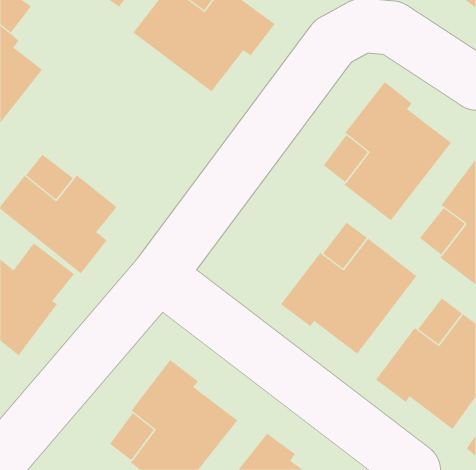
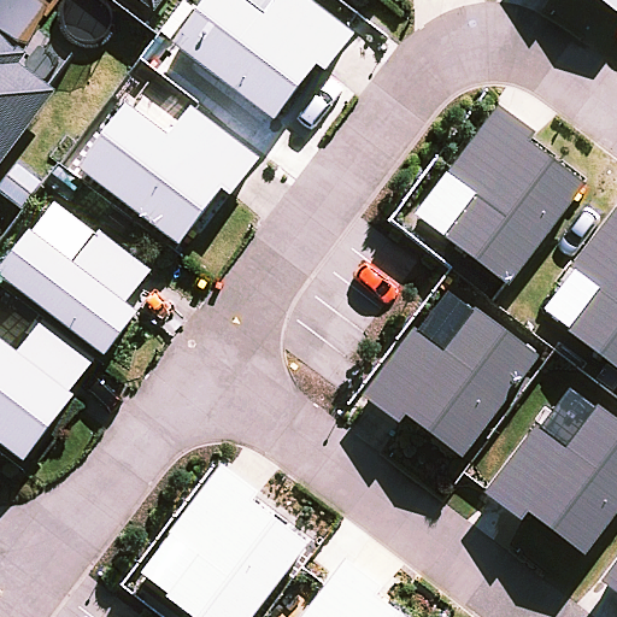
building: none -> [77,102,259,245]

